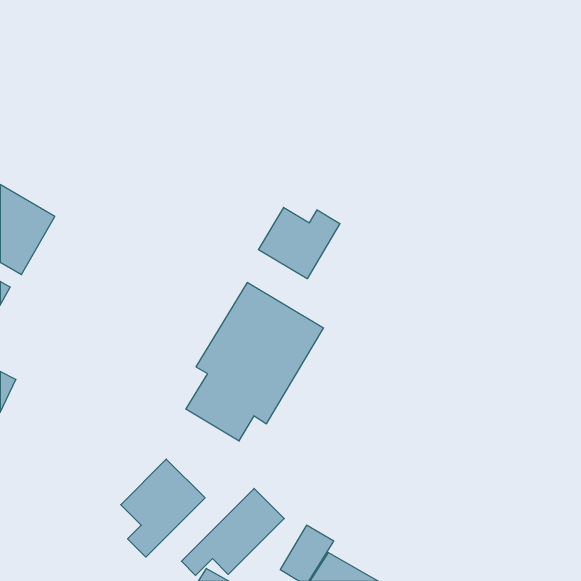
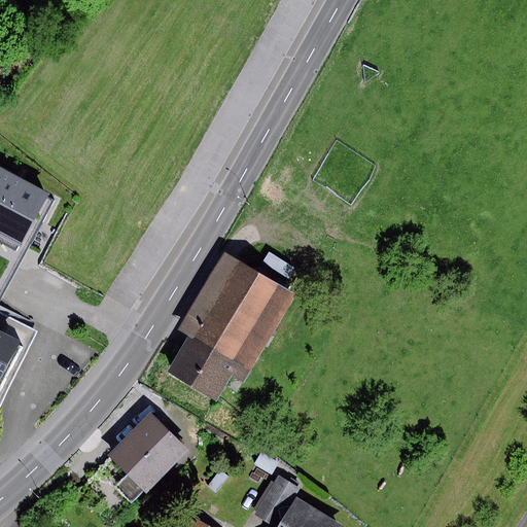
building: [258,207,340,279] -> none
building: [181,488,284,575] -> none

